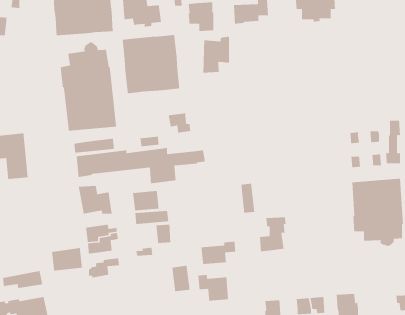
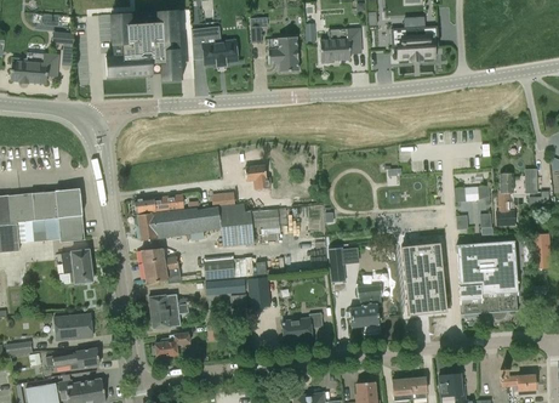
building: [122,34,180,94] -> none
building: [203,36,230,74] -> none
building: [59,42,117,131] -> none
building: none -> [400,243,445,314]
building: none -> [61,249,93,283]
building: [51,247,83,271] -> [58,312,95,340]
building: [172,265,190,292] -> [249,276,270,307]
building: [198,274,229,302] -> none

